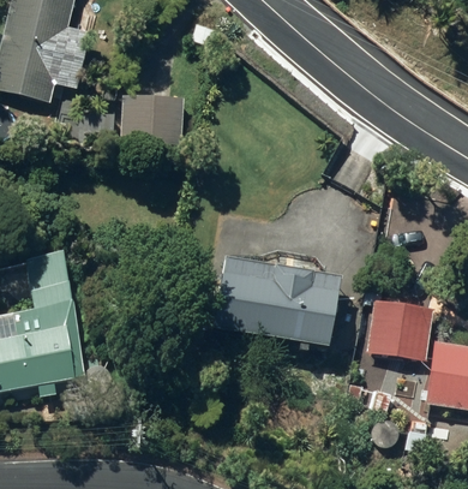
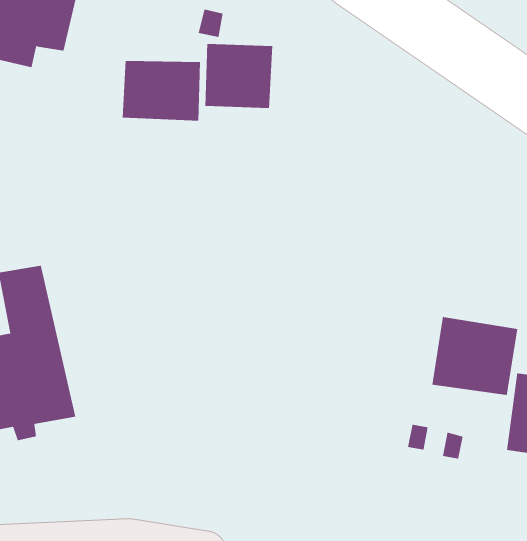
building: none -> [205,43,273,109]
building: [210,266,337,351] -> none

